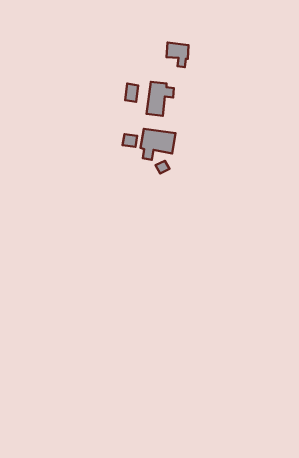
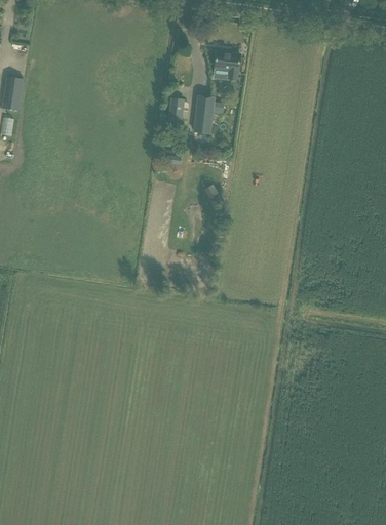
building: [141,129,176,160] -> none

